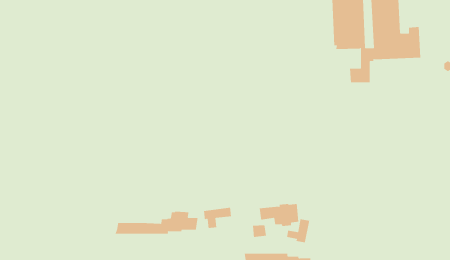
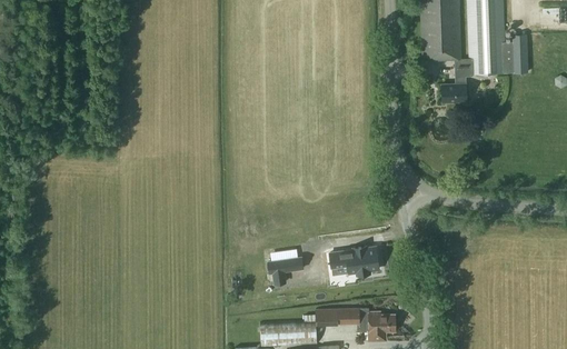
building: [115,211,198,234] -> none
building: [287,219,310,243] -> none

